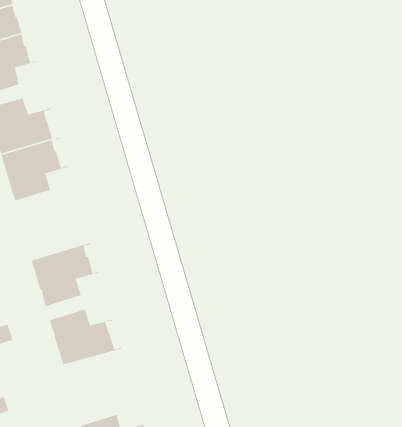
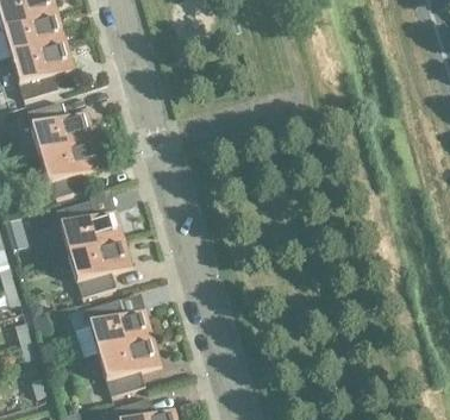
building: none -> [56,201,124,255]
building: none -> [98,338,162,397]

